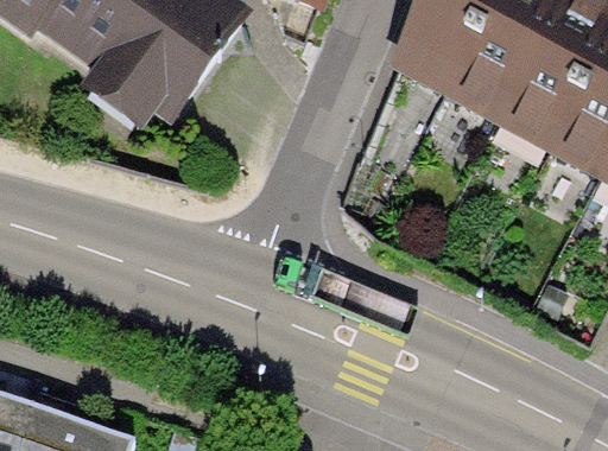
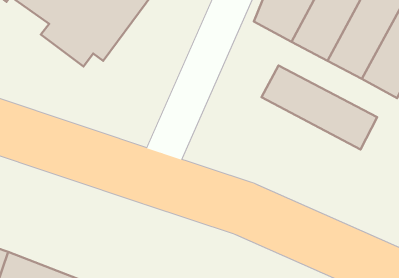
building: none -> [261,65,377,150]

